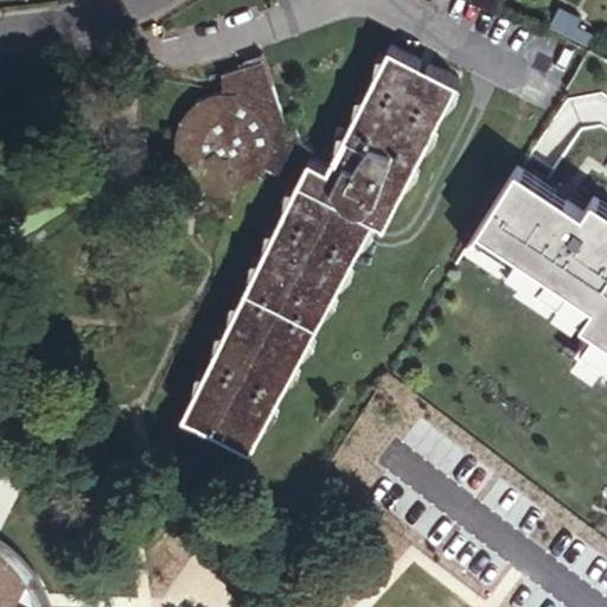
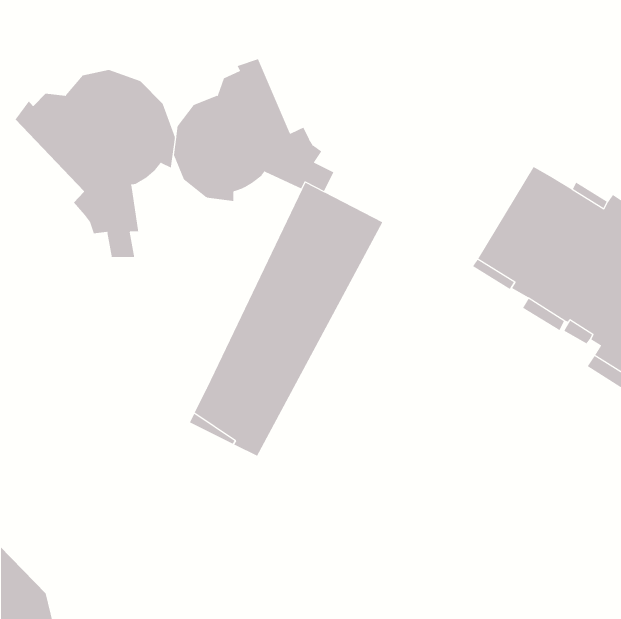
building: [318,49,458,226] -> none
building: none -> [15,69,175,258]

